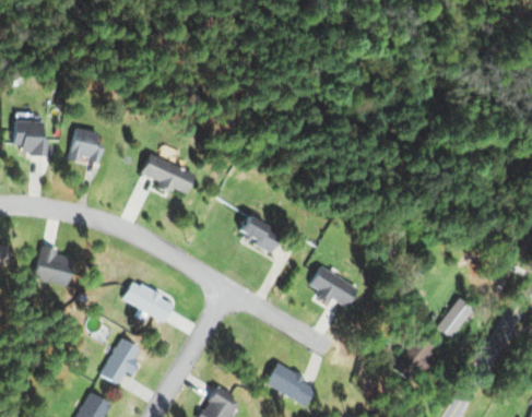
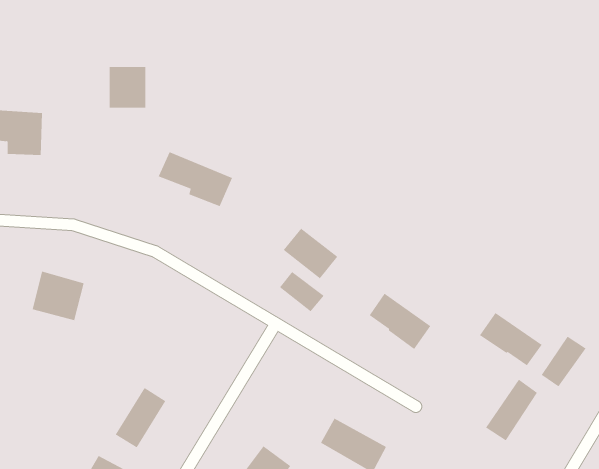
building: [69,130,98,163] -> [109,66,146,108]
building: none -> [279,271,324,312]
building: none -> [479,312,542,366]
building: [126,281,177,324] -> none

